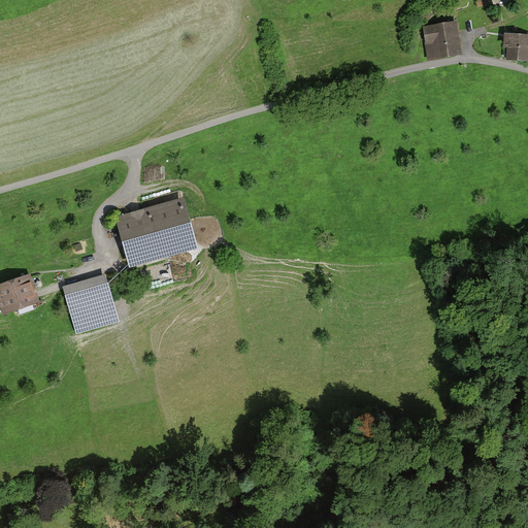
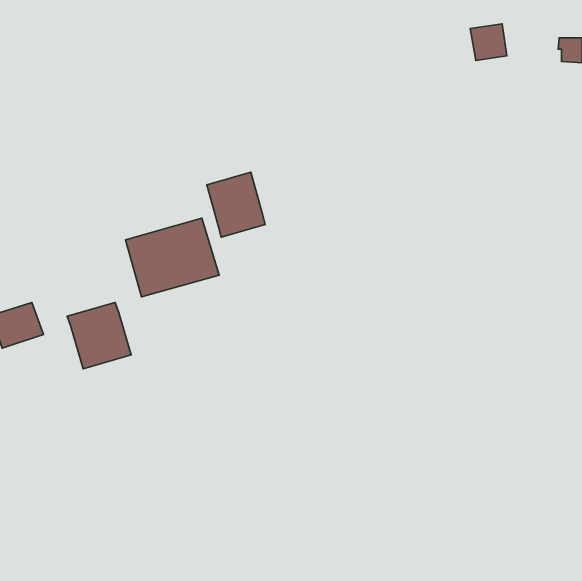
building: none -> [207,172,265,237]

